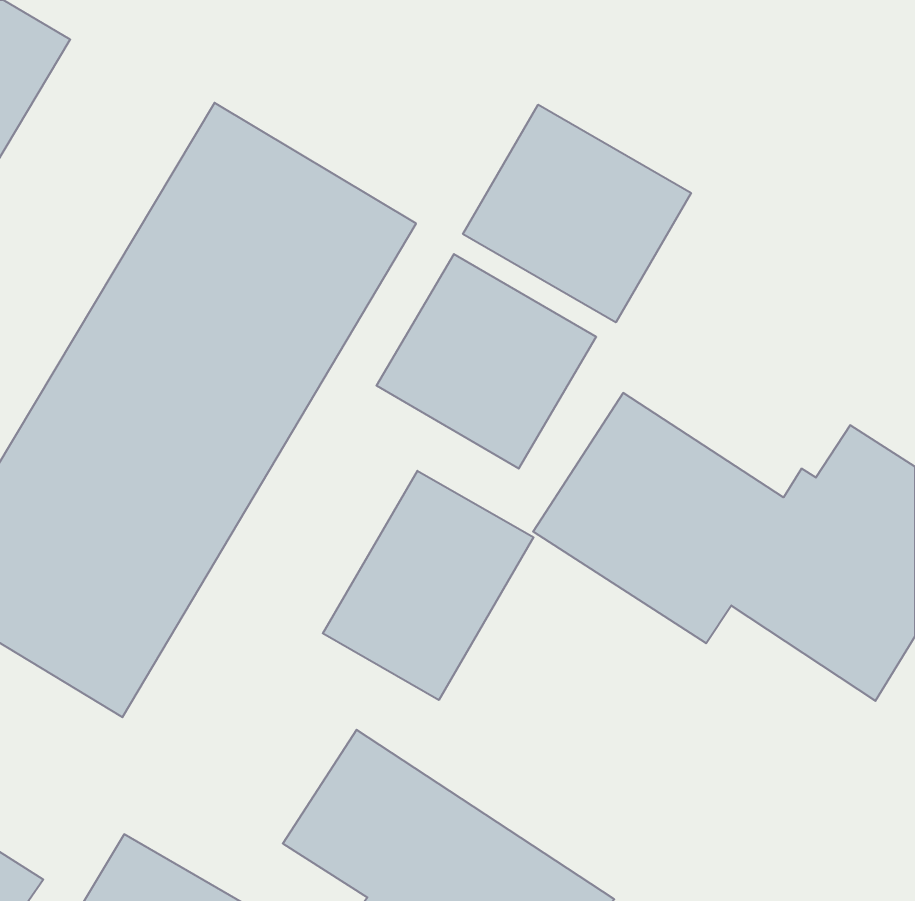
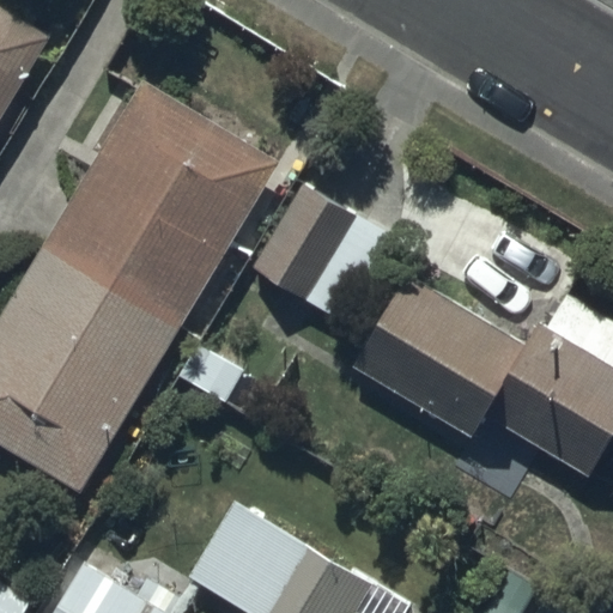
building: [463,105,691,322] -> none
building: [323,471,534,700] -> none

